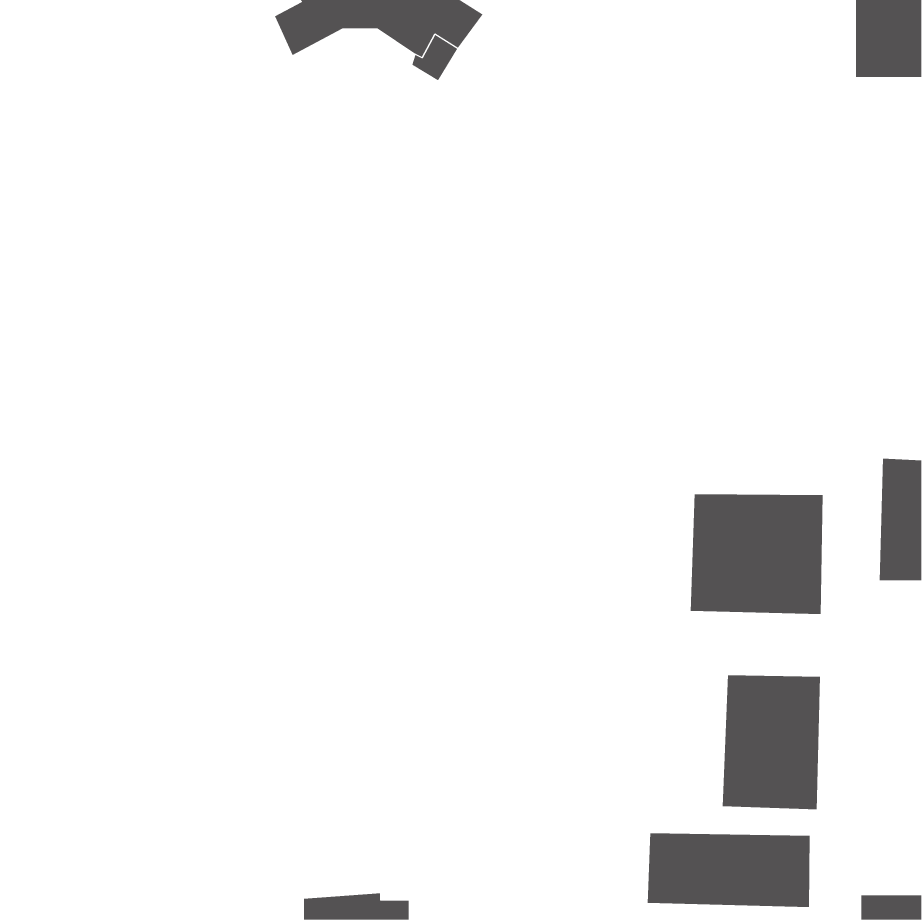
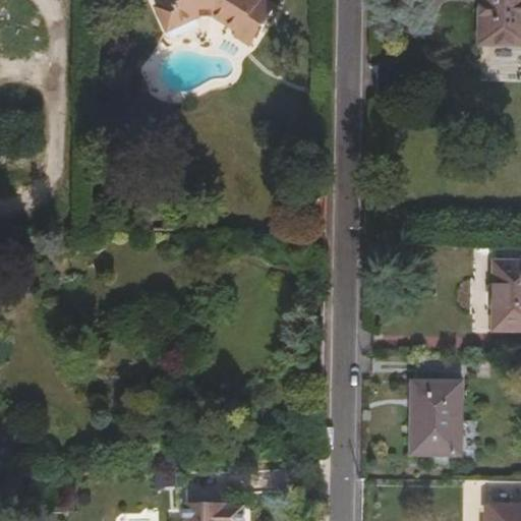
building: [690,493,823,615] -> none
building: [647,832,810,908] -> none

